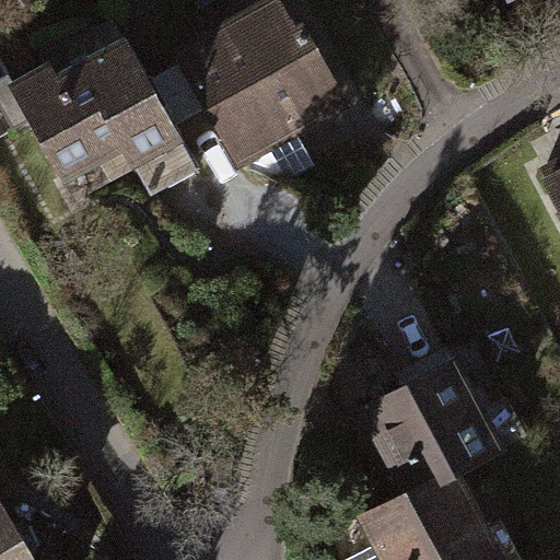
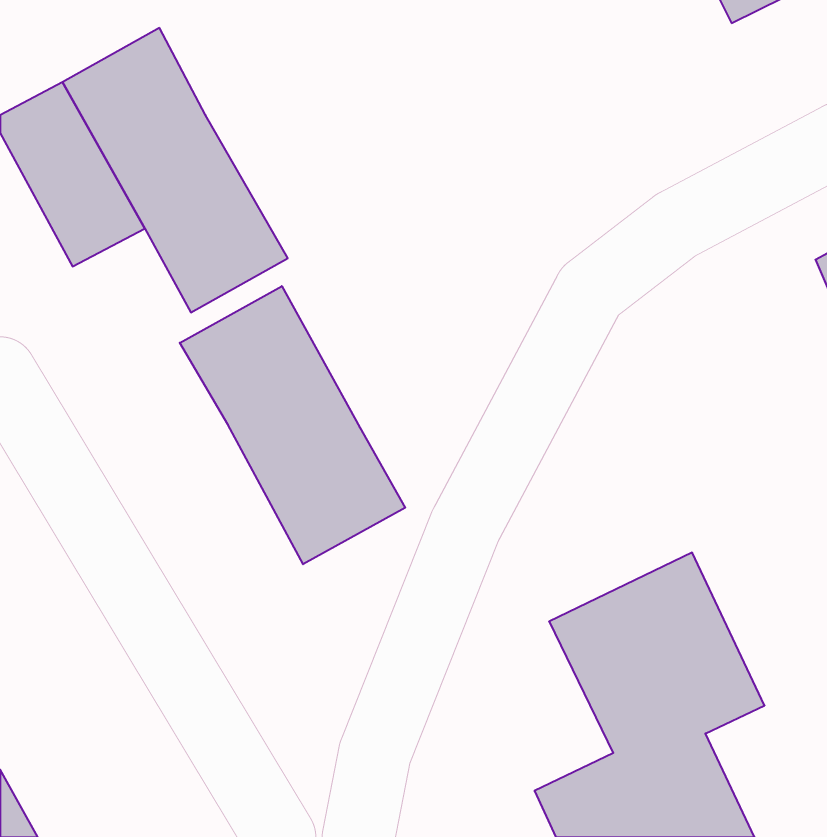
building: [145,5,334,185] -> none
building: none -> [180,286,405,564]

